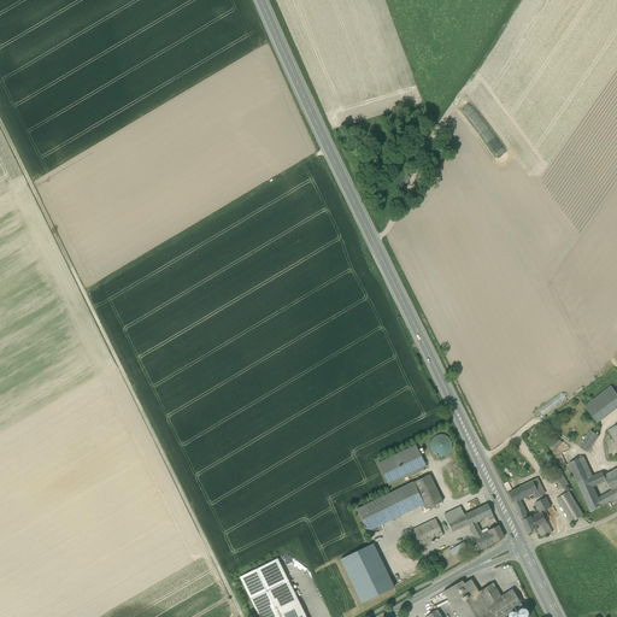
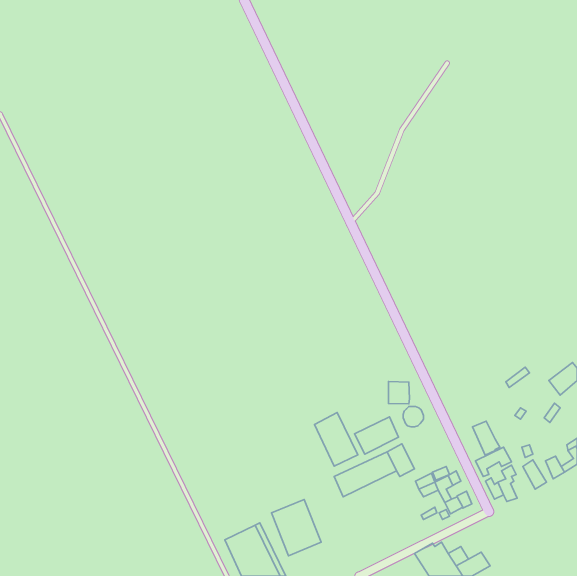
building: none -> [389,382,409,404]
building: none -> [315,412,358,466]
building: [569,456,598,492] -> [473,421,500,455]
building: [411,517,443,546] -> none
building: [342,542,395,603] -> [272,499,321,556]

